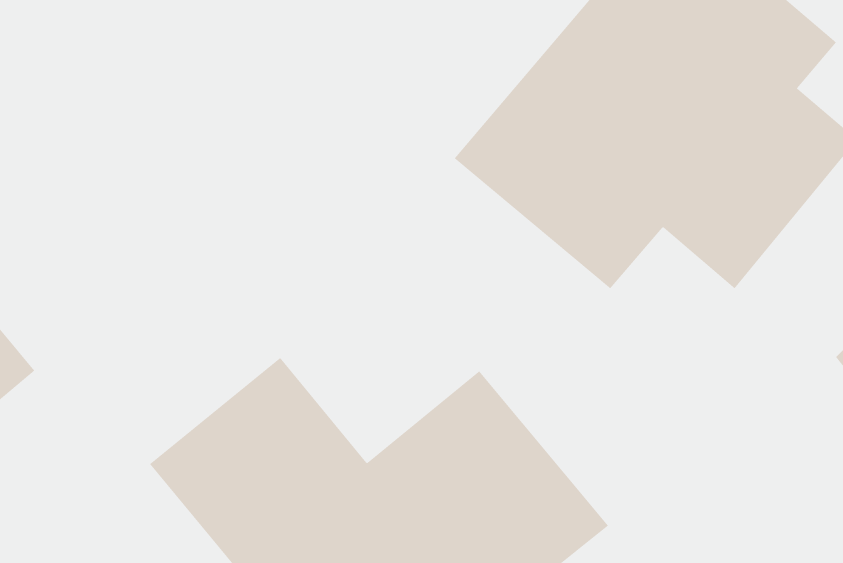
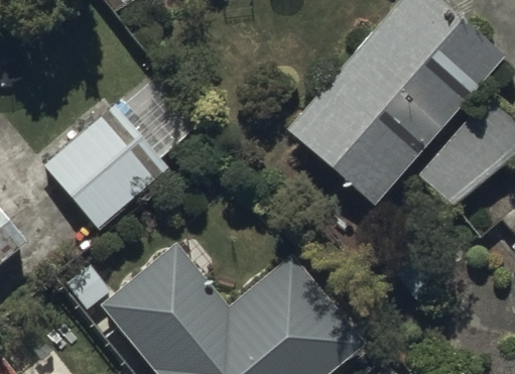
building: none -> [36,107,167,237]

